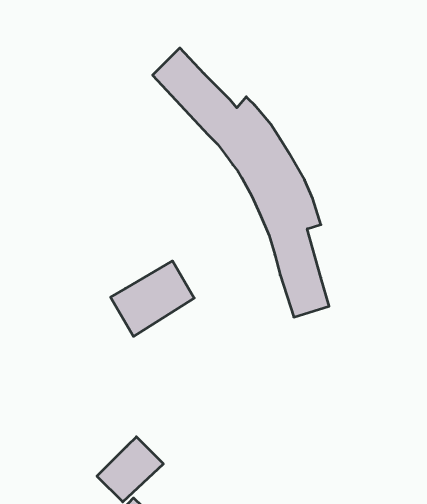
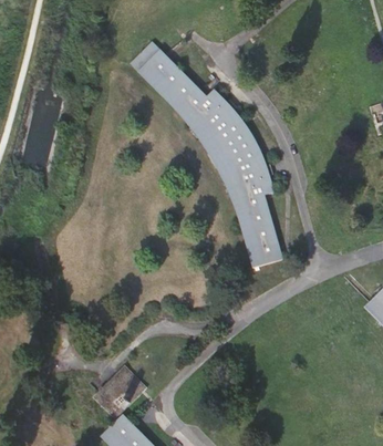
building: [111,261,194,336] -> none

